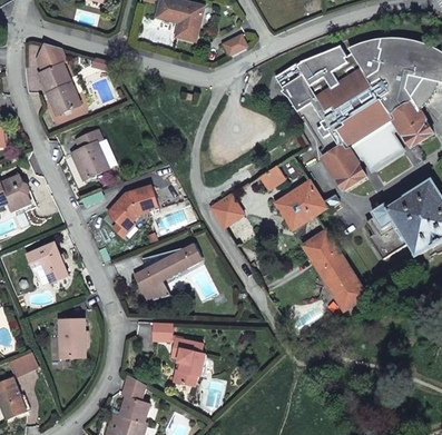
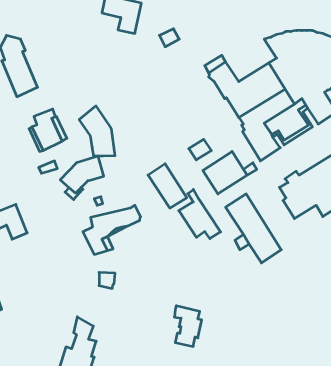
building: [304,47,362,97] -> none
building: none -> [79,106,115,156]
building: none -> [179,189,221,239]
building: [60,319,85,356] -> none
building: [173,337,205,385] -> [174,306,202,346]

